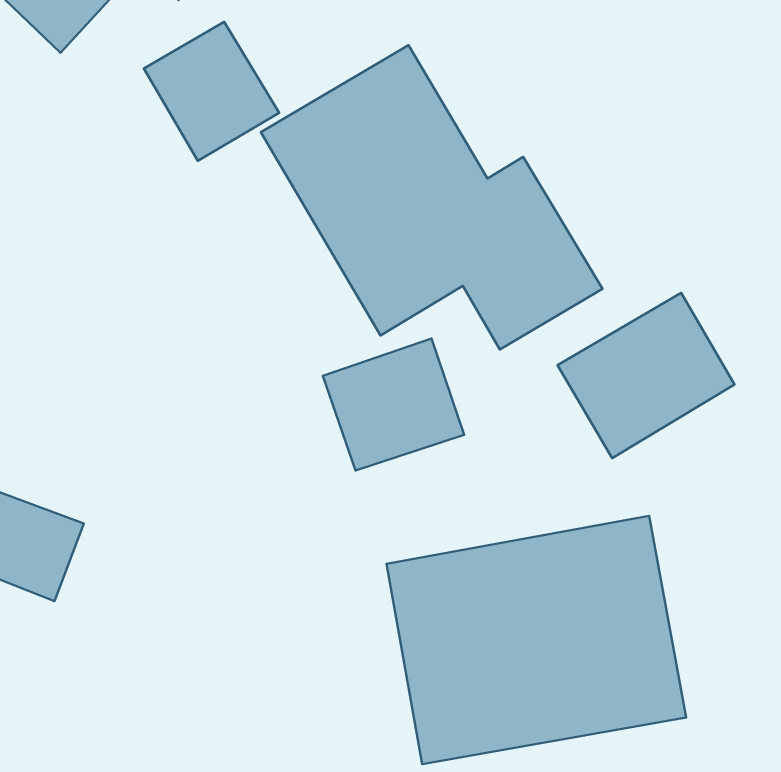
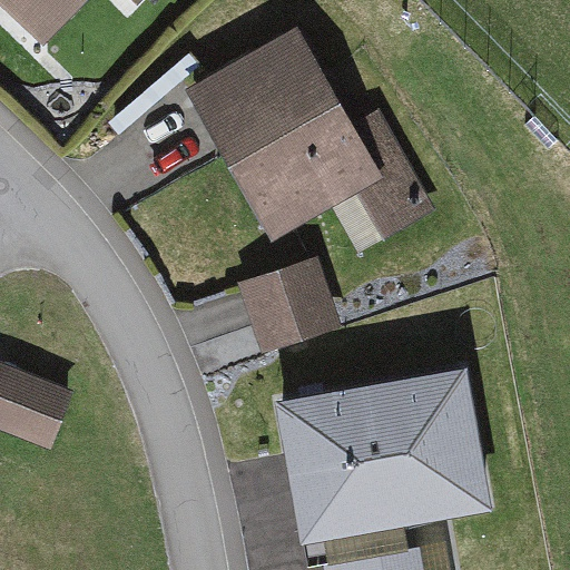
building: [144,22,279,161] -> none
building: [557,293,735,458] -> none

